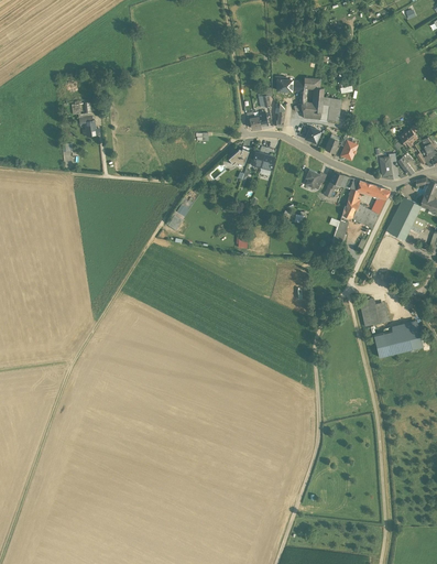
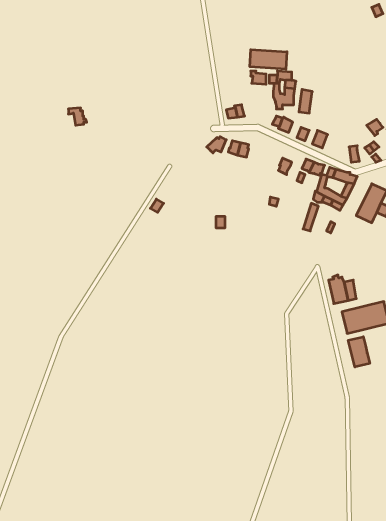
building: none -> [250,50,287,69]
building: none -> [348,337,370,367]

